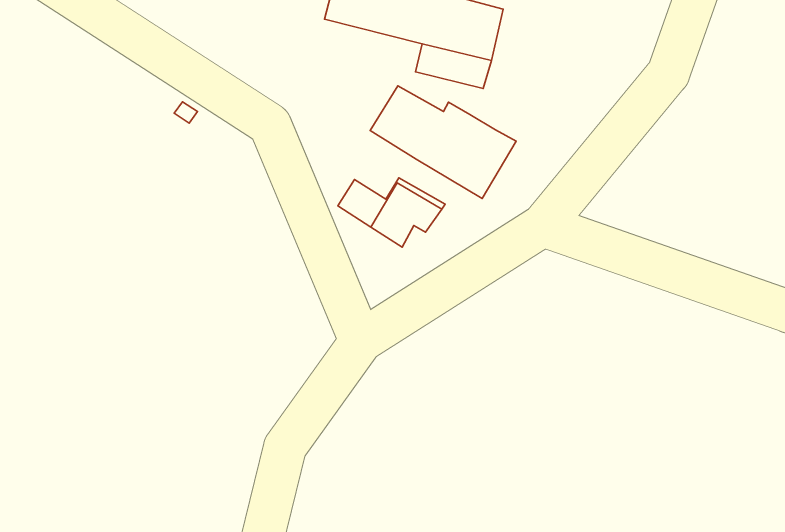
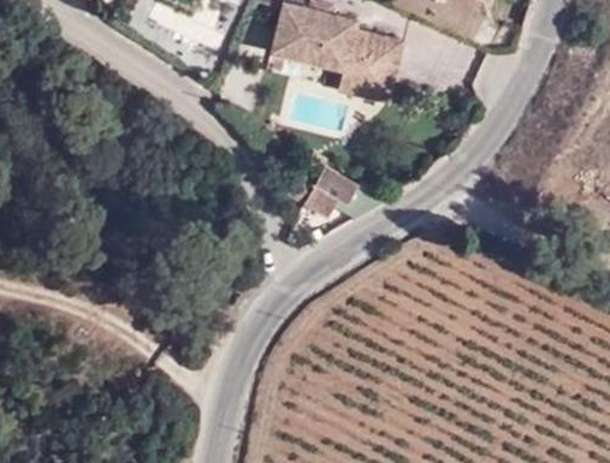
building: [370,86,516,199] -> none

